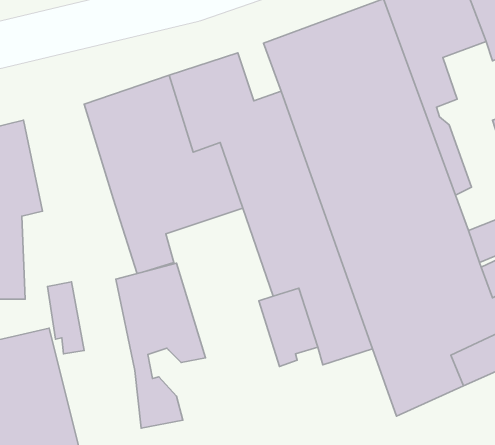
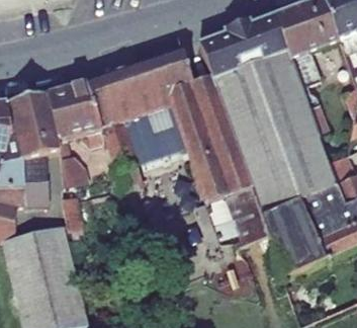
building: [116,263,205,428] -> [48,80,104,184]

